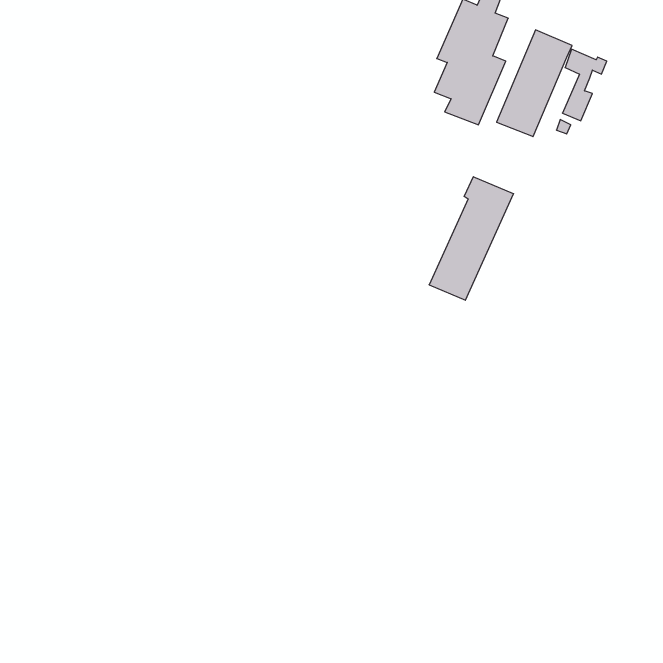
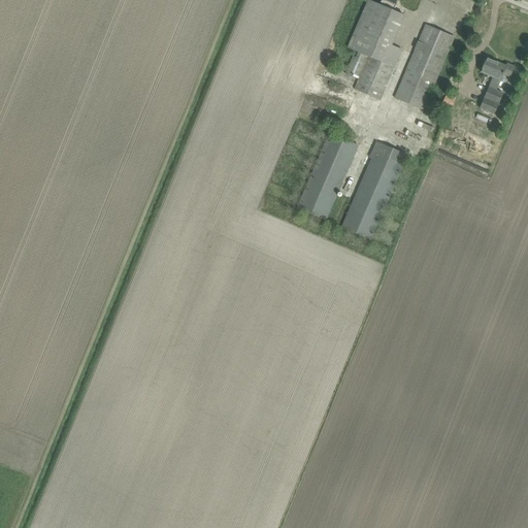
building: [562,49,607,121] -> [478,57,514,113]
building: none -> [296,131,358,220]

